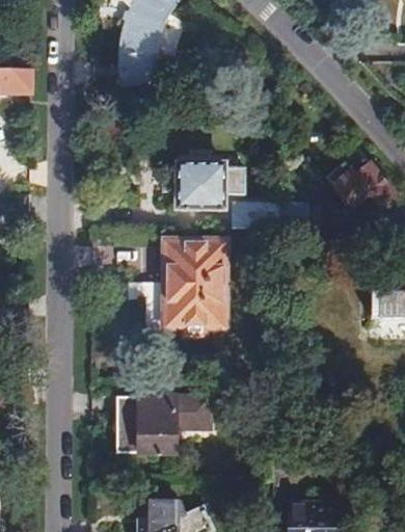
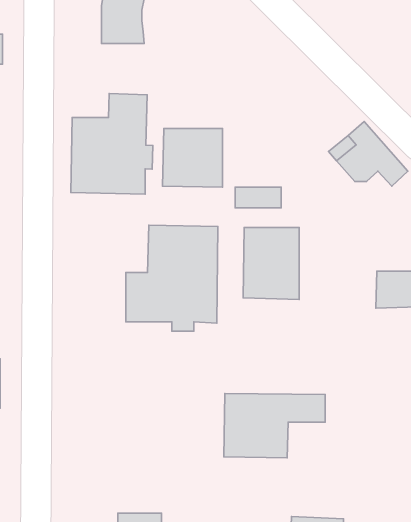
building: none -> [71,94,153,194]
building: none -> [243,227,299,299]
building: [117,399,209,457] -> [224,393,325,458]

